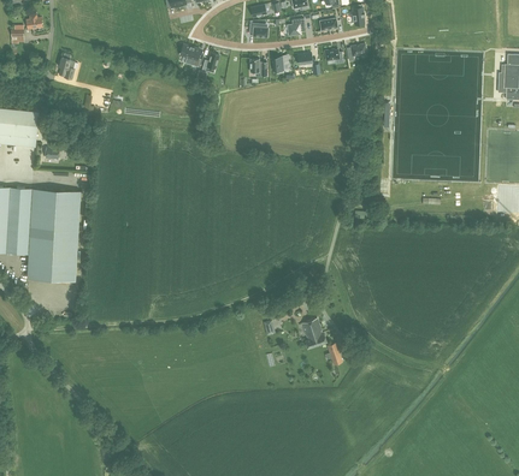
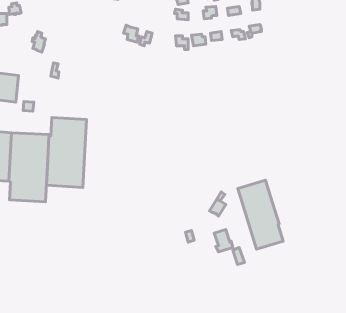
building: none -> [46,118,87,187]
building: none -> [238,180,283,249]

